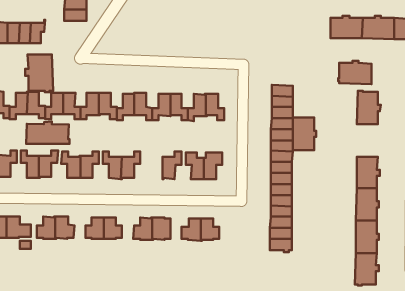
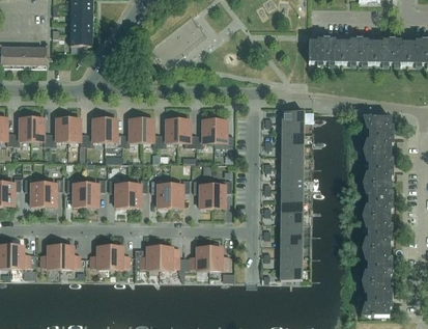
building: [25,55,53,92] -> none
building: [338,61,372,84] -> [308,38,342,62]
building: [293,118,316,150] -> [369,150,393,184]
building: [26,121,70,144] -> none
building: none -> [151,180,170,207]

